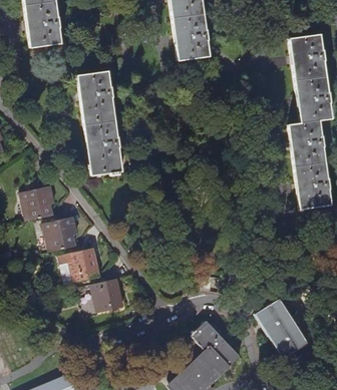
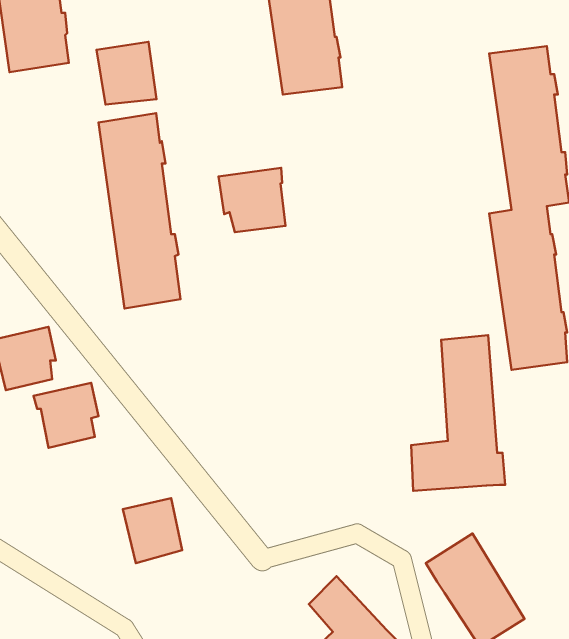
building: none -> [96,42,157,105]
building: none -> [219,168,285,232]
building: none -> [411,335,505,491]
building: [59,249,99,282] -> none

